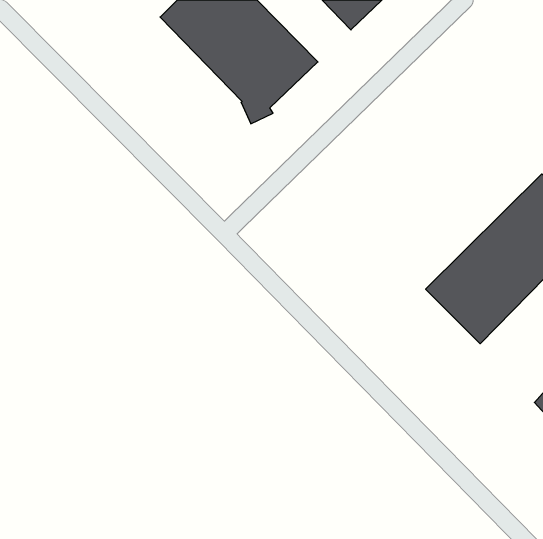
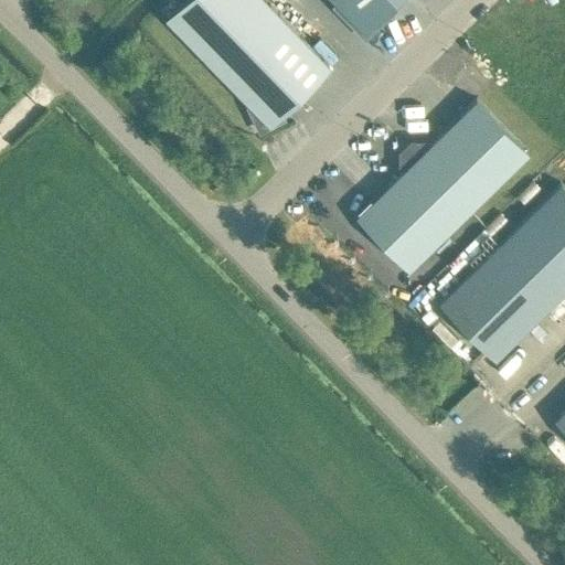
building: none -> [356,103,530,275]

